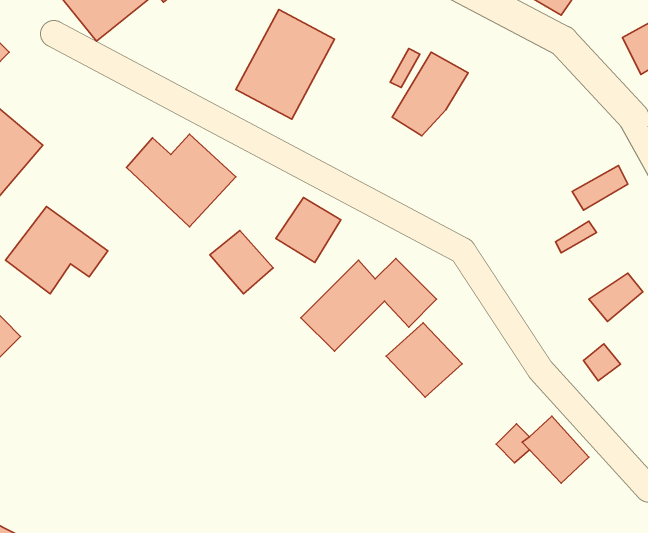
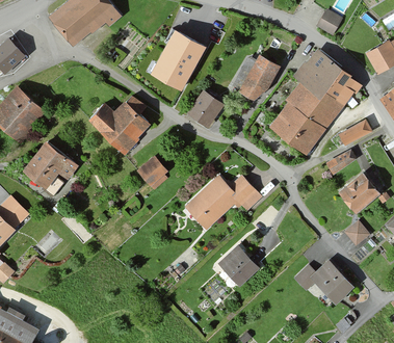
building: none -> [270,50,361,153]
building: [276,198,341,262] -> [188,94,225,130]
building: [386,323,462,397] -> [217,242,260,284]

